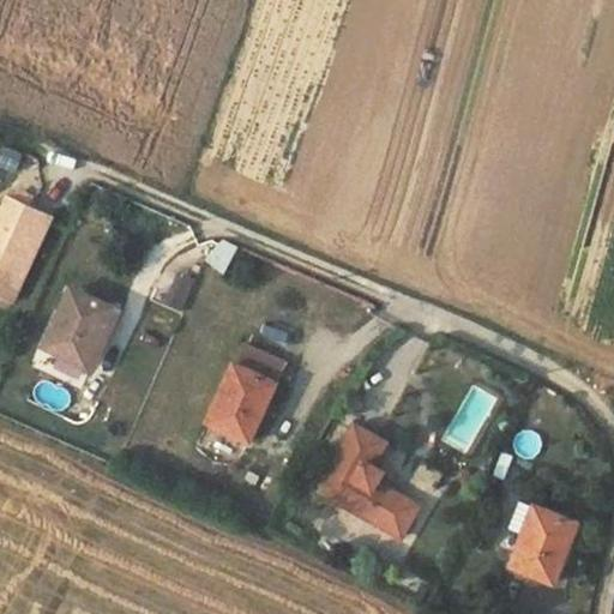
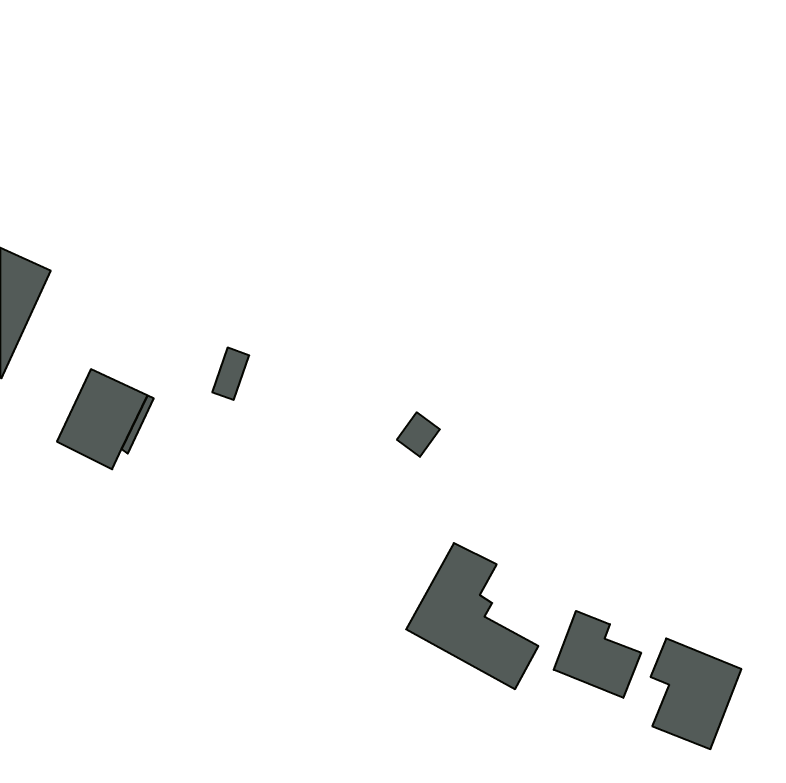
building: [207,347,284,444] -> none
building: none -> [554,611,641,698]

